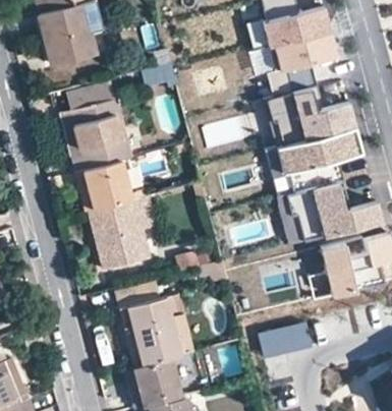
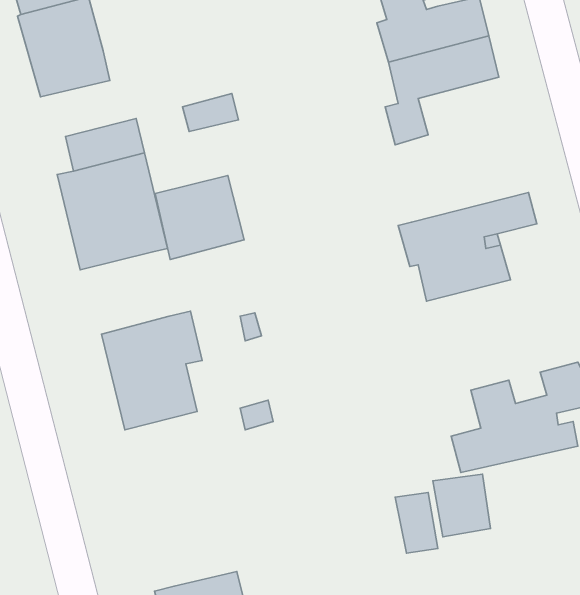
building: [265,85,353,145] -> none
building: [76,164,131,216] -> [155,175,244,259]
building: [283,181,380,242] -> none
building: [116,282,192,370] -> none

